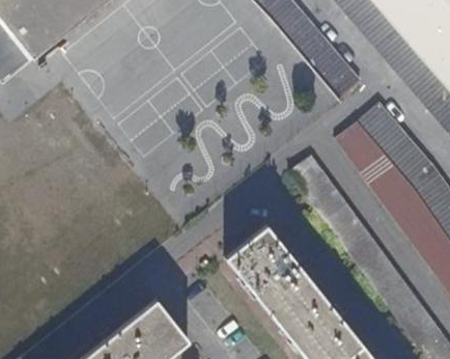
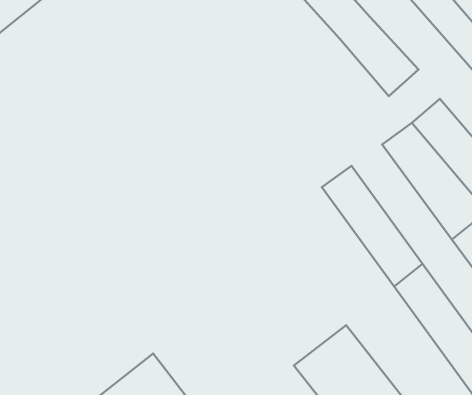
building: [228,227,309,310] -> none

